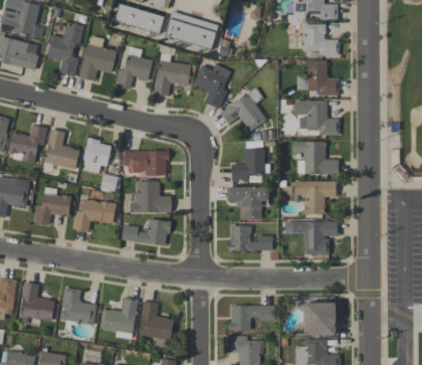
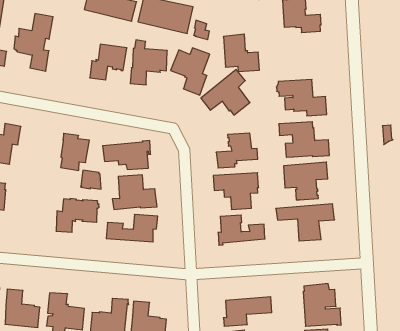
building: [79,35,117,79] -> none
building: [306,59,339,95] -> [223,34,259,71]
building: [44,129,79,169] -> none
building: [34,192,71,224] -> none

